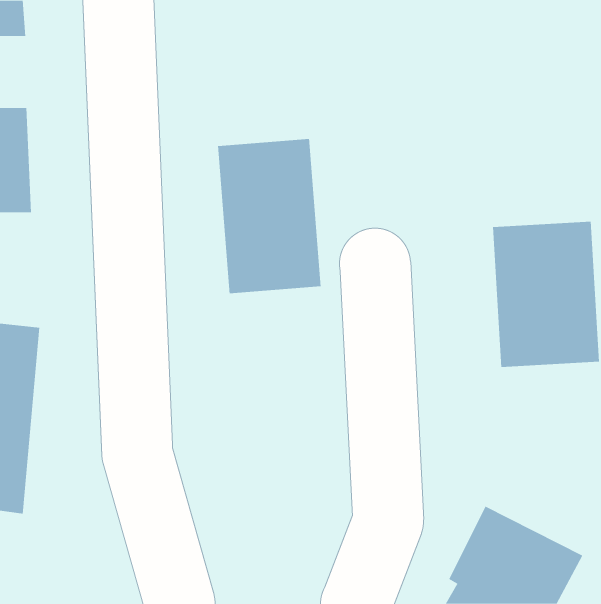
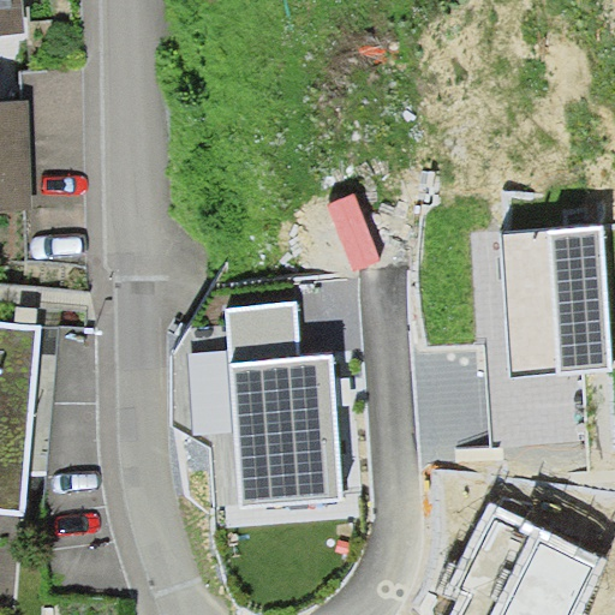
building: [217,138,321,294] -> none
building: none -> [222,304,339,506]

